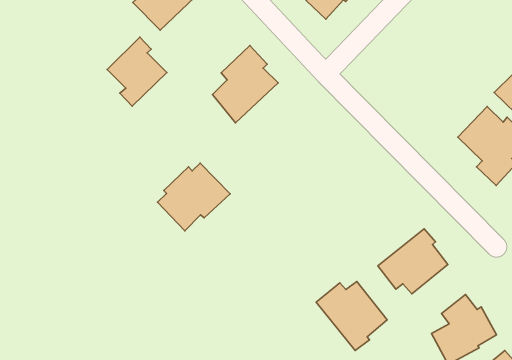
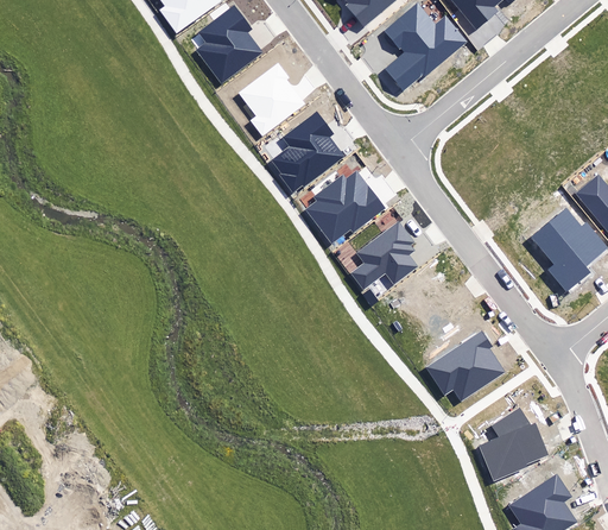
building: [107,37,167,106] -> [239,62,303,135]
building: none -> [350,217,417,288]
building: [157,163,230,231] -> [305,171,385,242]
building: [316,282,387,351] -> none

